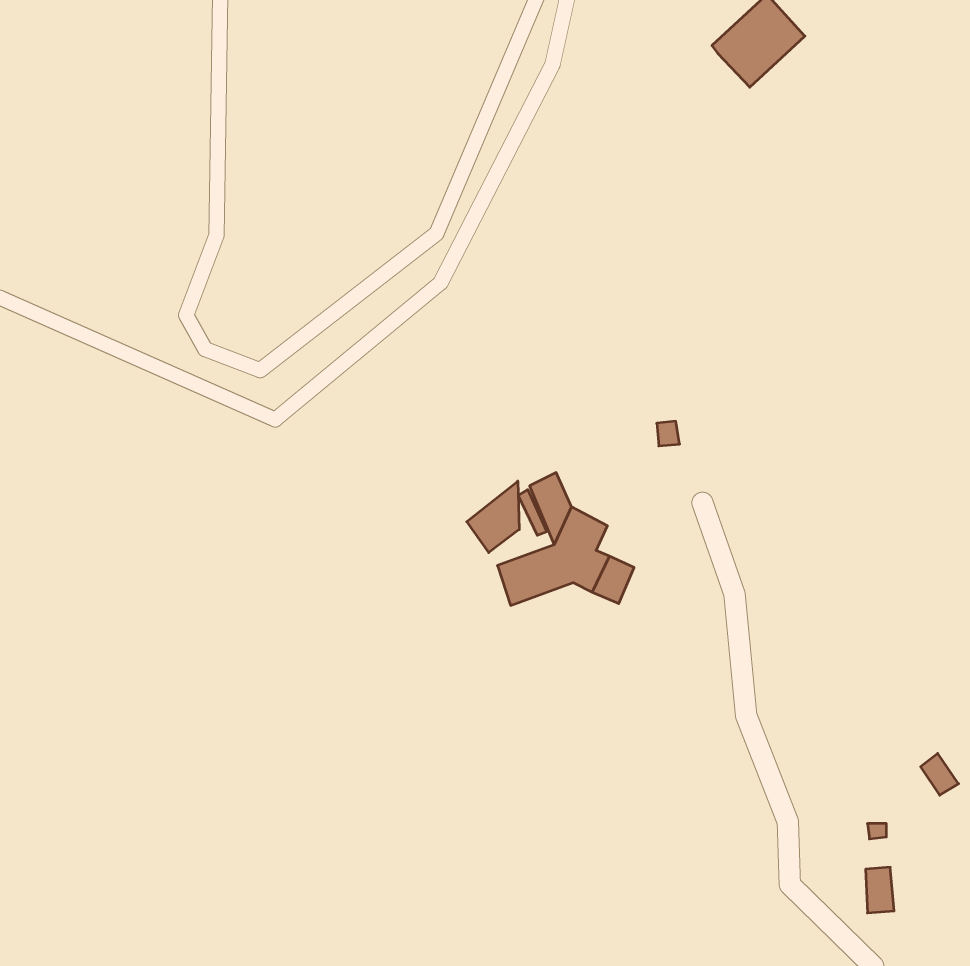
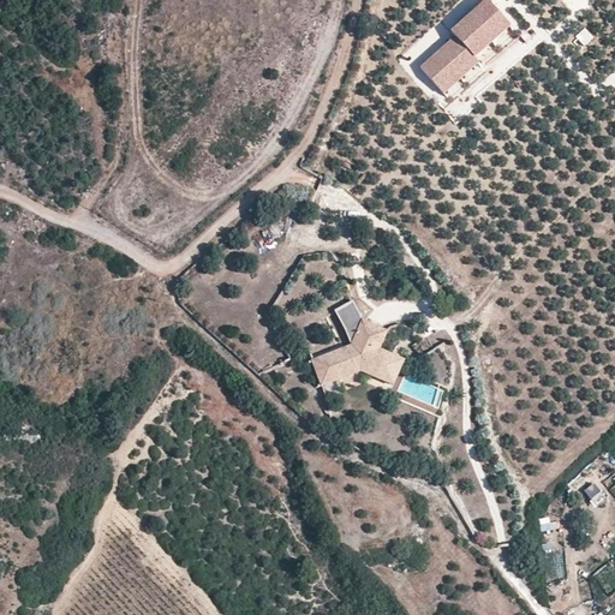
building: none -> [419,34,479,92]
building: [467,481,519,553] -> none

